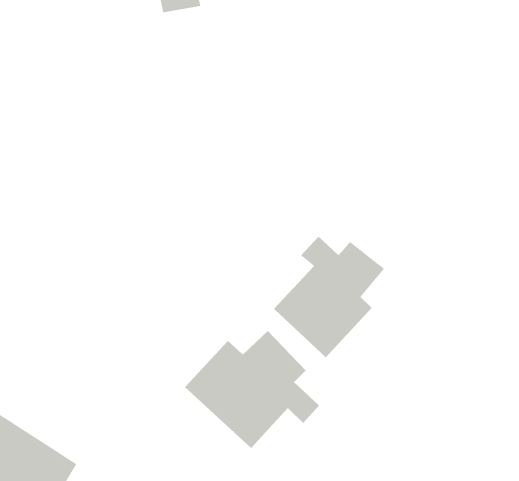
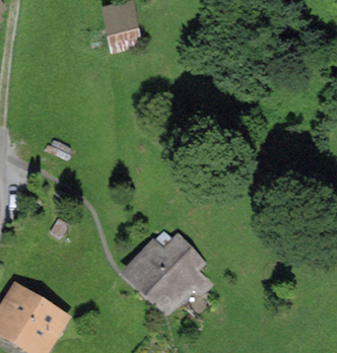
building: [273,236,385,358] -> none

